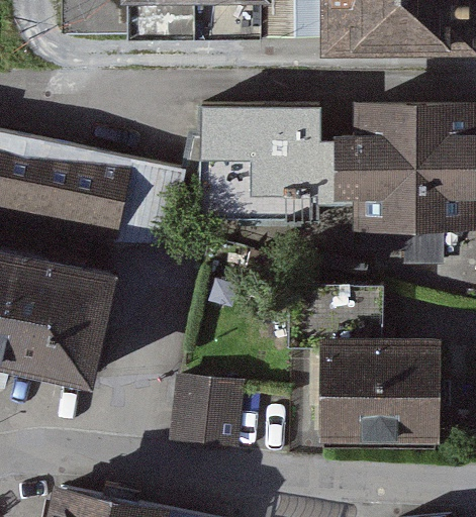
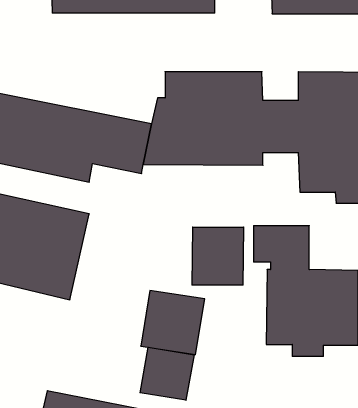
building: none -> [192,227,244,285]
building: none -> [140,347,194,400]

